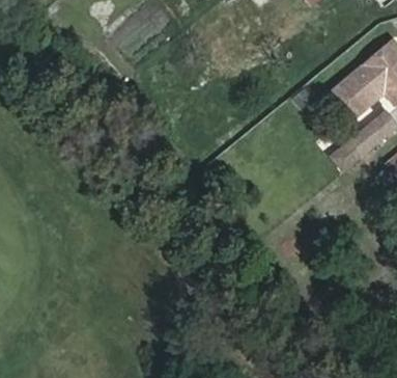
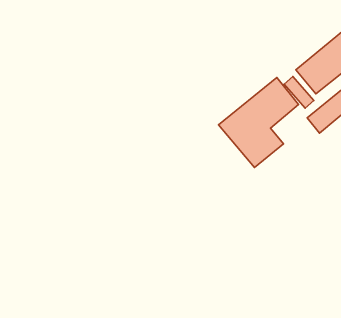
building: none -> [219,77,299,168]

